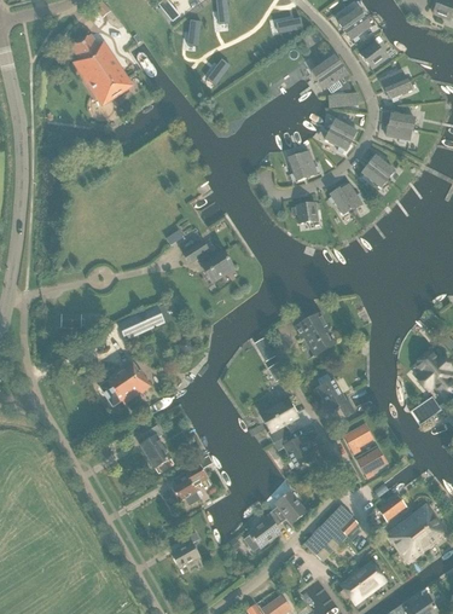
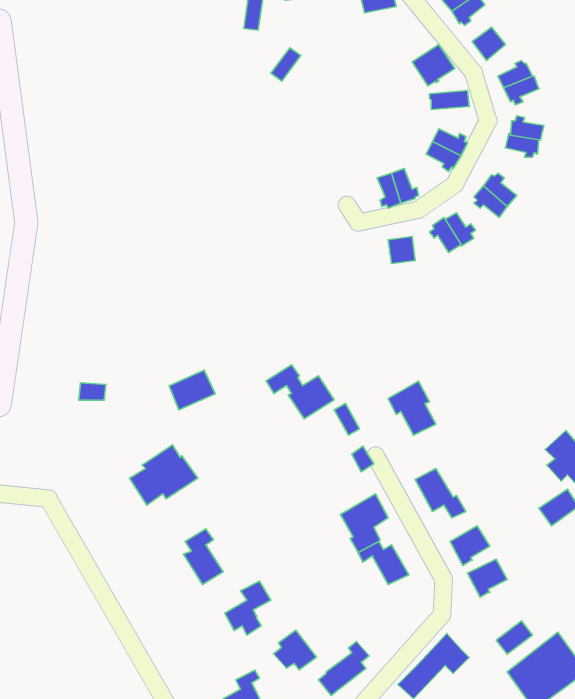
building: [71,34,132,105] -> none
building: [182,241,234,282] -> [266,365,334,419]
building: [272,492,304,522] -> [274,630,317,670]

